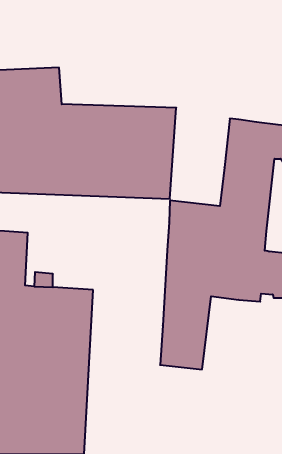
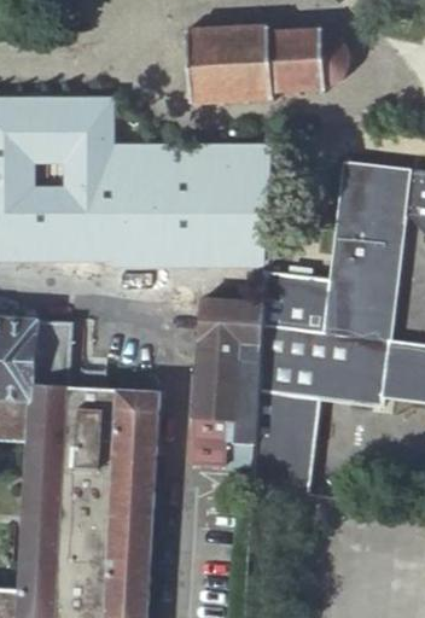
building: none -> [182,21,351,104]
building: none -> [192,301,261,464]

